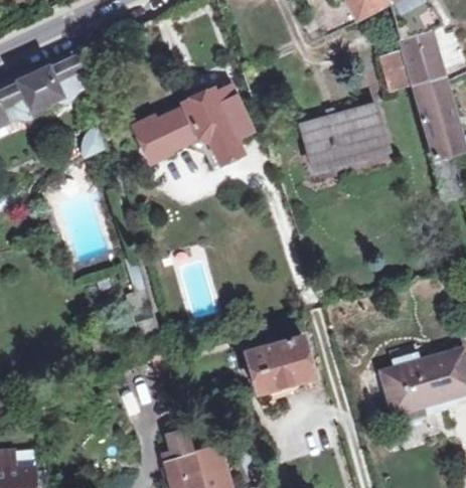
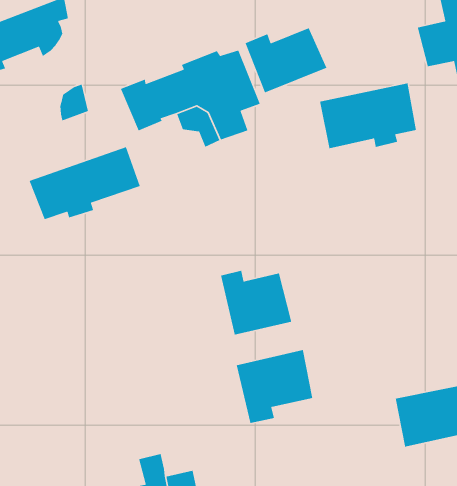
building: none -> [244,27,327,93]
building: none -> [29,146,141,220]
building: none -> [220,270,292,335]

